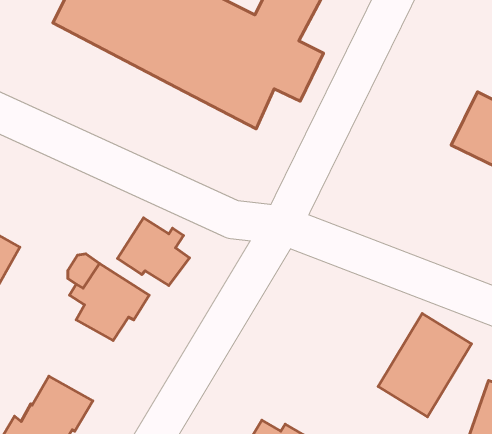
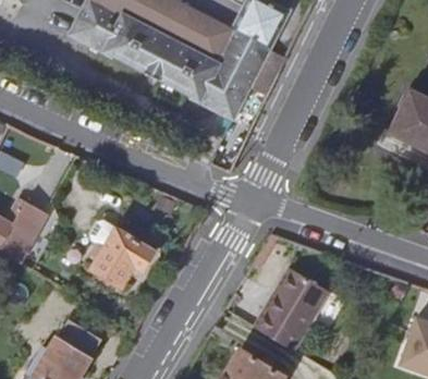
building: [118,218,190,286] -> none
building: [378,314,472,417] -> [254,269,328,351]

